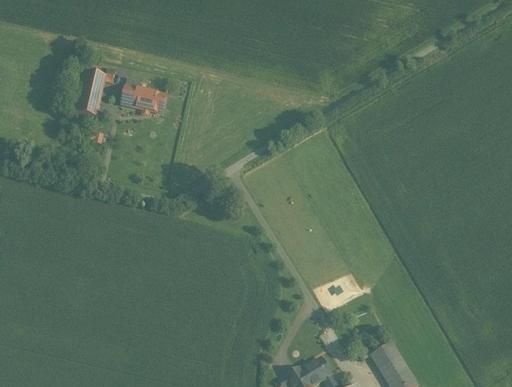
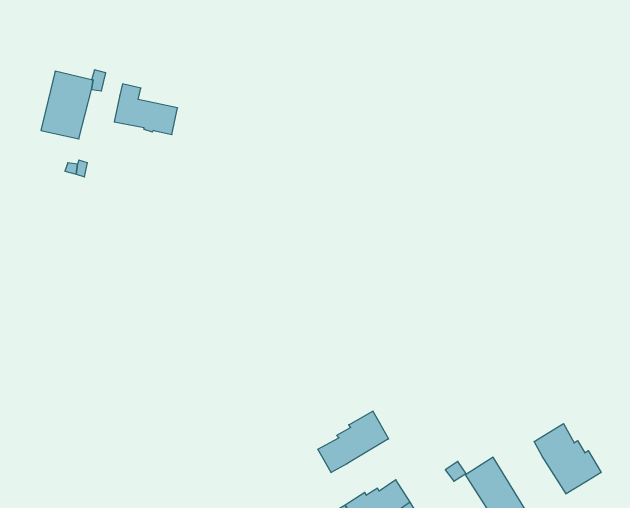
building: none -> [318,411,389,473]
building: none -> [534,424,601,494]

